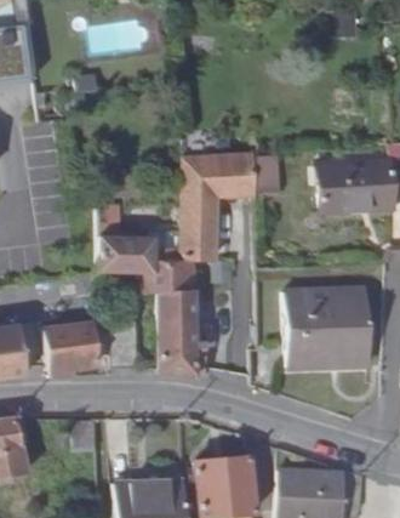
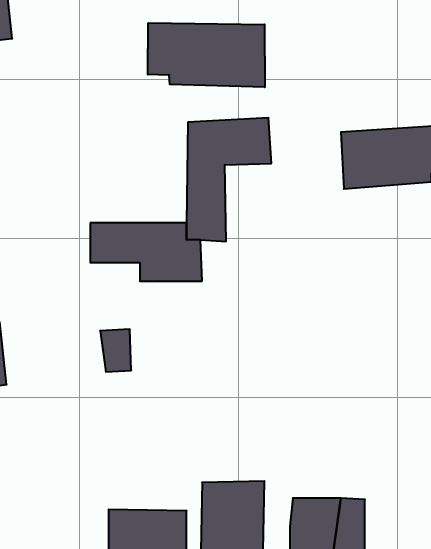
building: none -> [148,23,265,87]
building: [286,286,372,366] -> none
building: [160,288,211,377] -> none
building: [48,324,102,376] -> none

